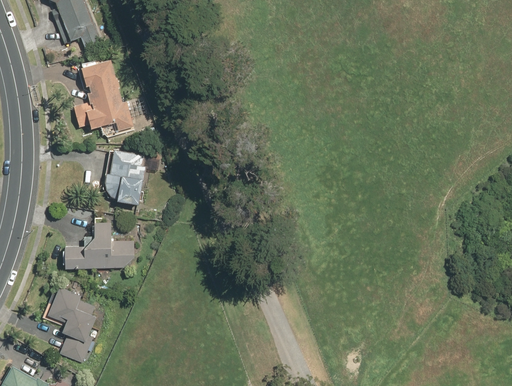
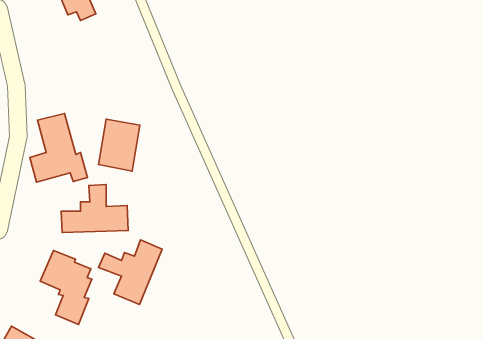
building: [74,60,134,132] -> [30,113,87,182]
building: none -> [98,240,162,304]

